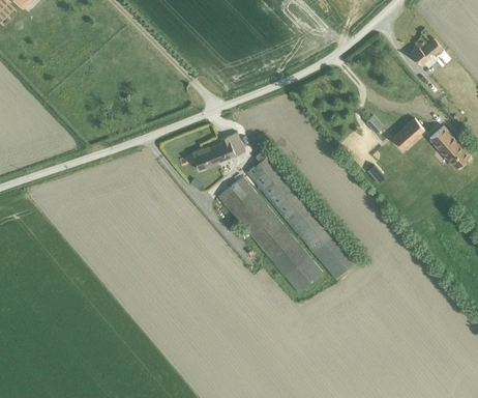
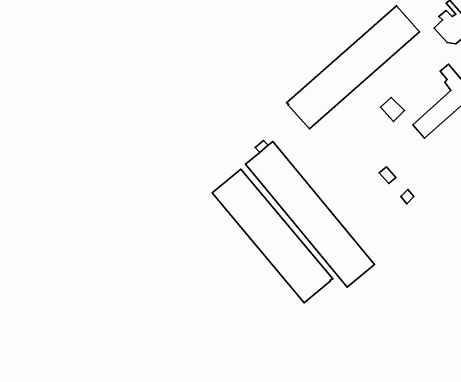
building: none -> [286,6,420,129]
building: [191,132,244,170] -> none

